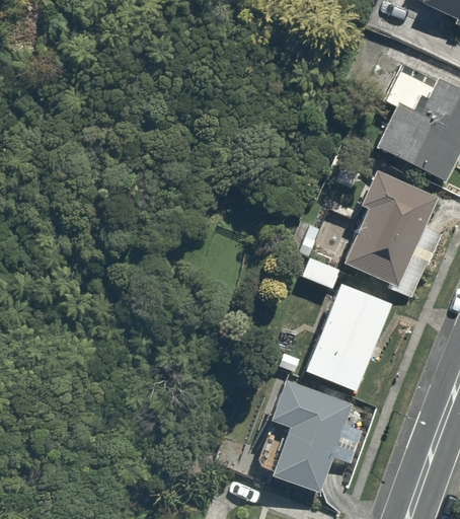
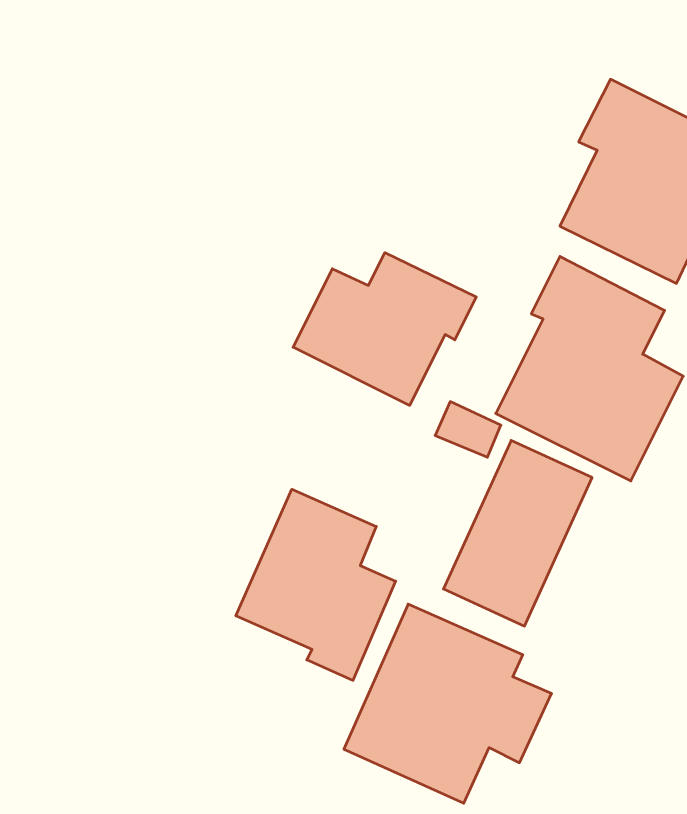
building: none -> [293,253,476,405]
building: none -> [236,489,396,680]

